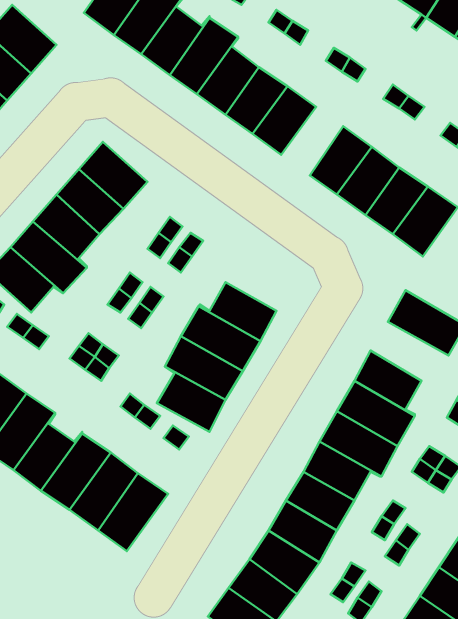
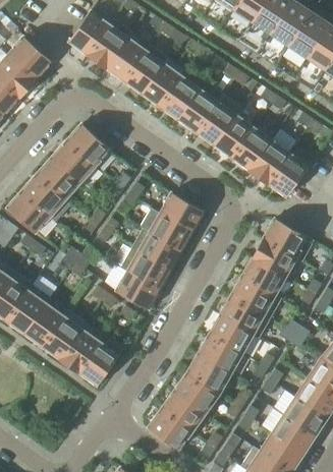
building: none -> [195,102,234,145]
building: none -> [159,193,204,232]
building: none -> [252,239,301,277]

